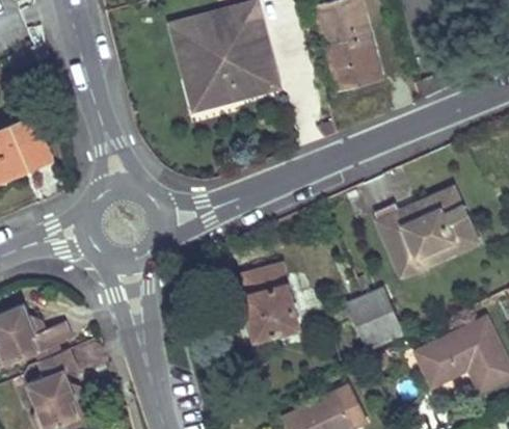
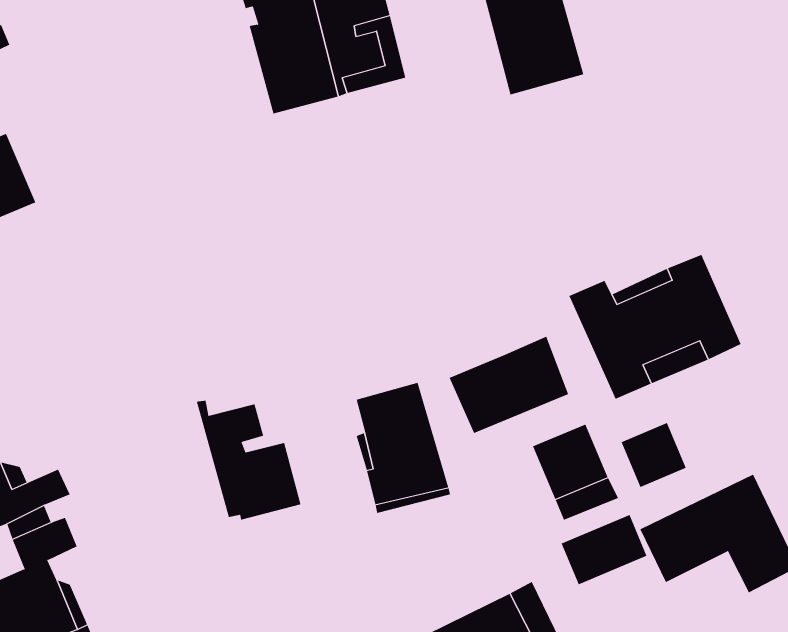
building: none -> [449,336,569,434]
building: none -> [196,400,301,520]
building: none -> [621,422,687,488]
building: none -> [561,514,647,585]

